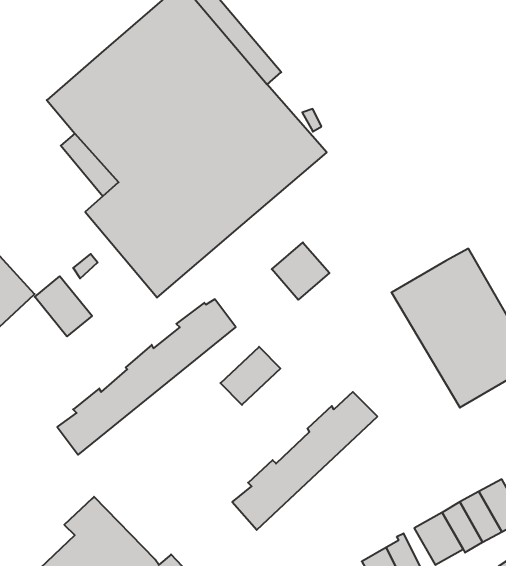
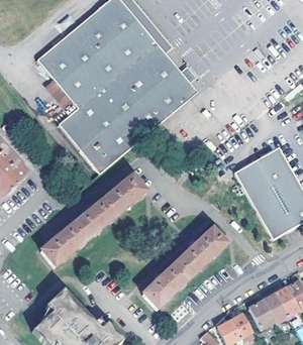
building: [272,242,329,300] -> none
building: [35,276,92,336] -> none
building: [220,347,280,405] -> none

